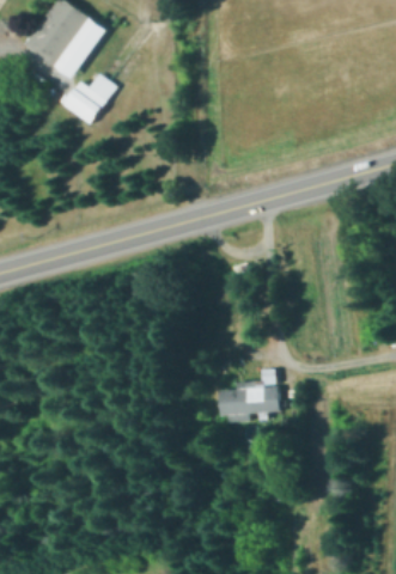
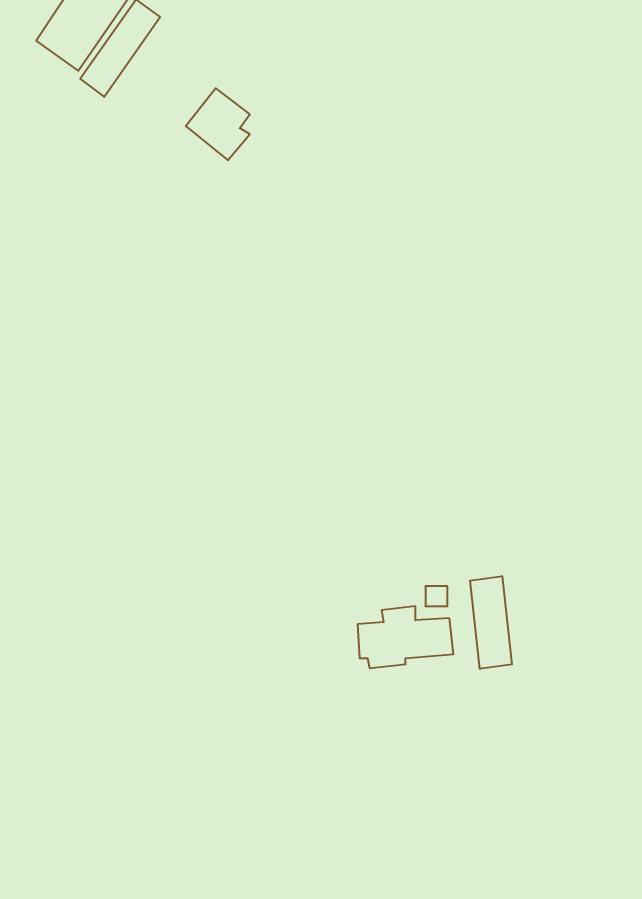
building: [67,81,105,124] -> [186,88,250,160]
building: none -> [470,576,512,669]

